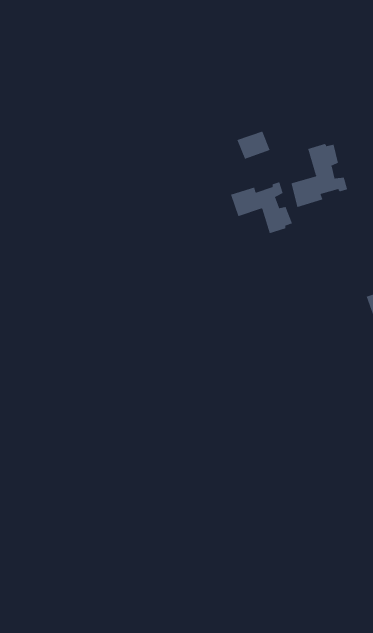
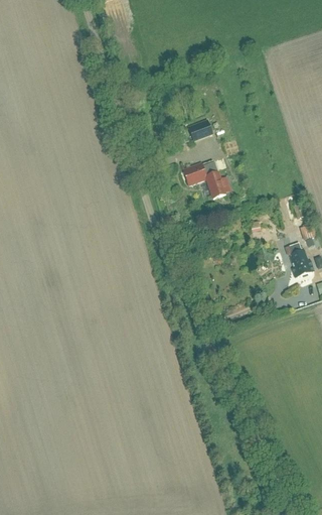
building: [291,143,348,208] -> none

